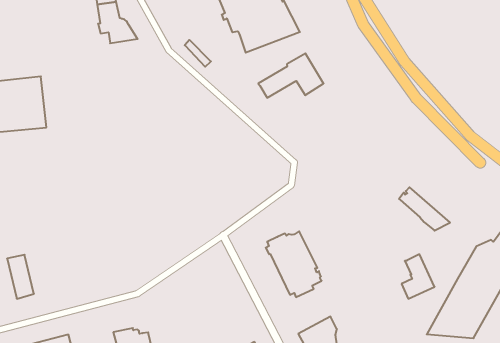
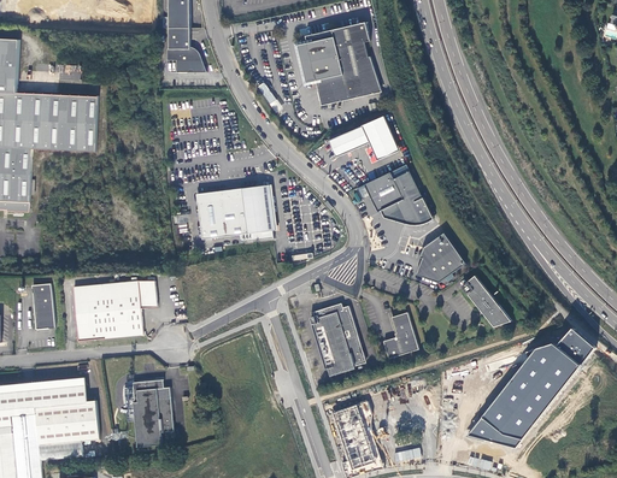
building: none -> [363,170,431,223]
building: none -> [195,183,272,241]
building: none -> [415,231,464,282]
building: none -> [74,279,155,340]
building: [402,254,435,299] -> [382,311,417,356]

